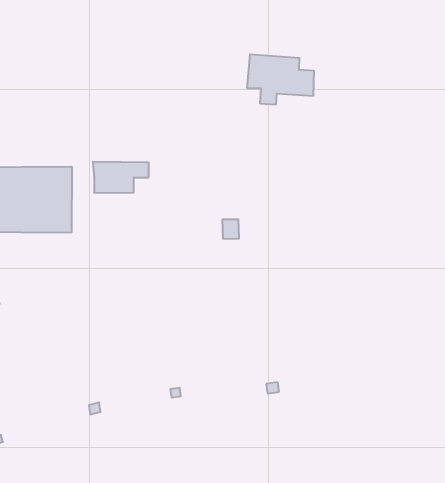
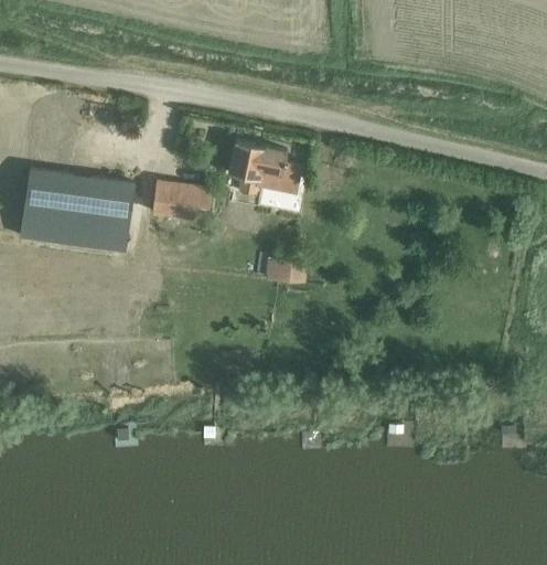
building: [247,54,314,104] -> [228,140,300,195]

